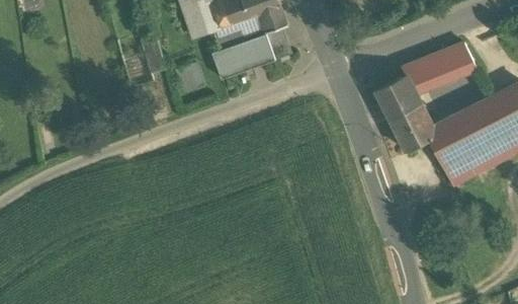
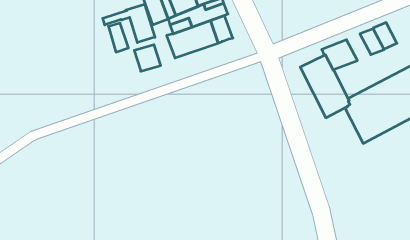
building: none -> [103,4,155,43]
building: [431,49,460,81] -> [373,23,397,49]

